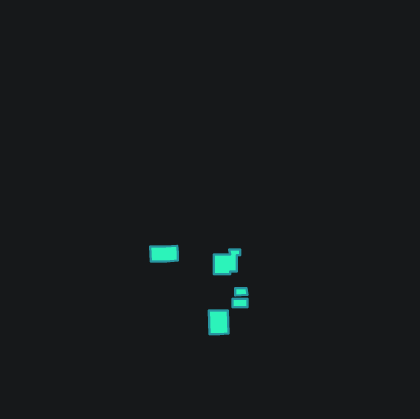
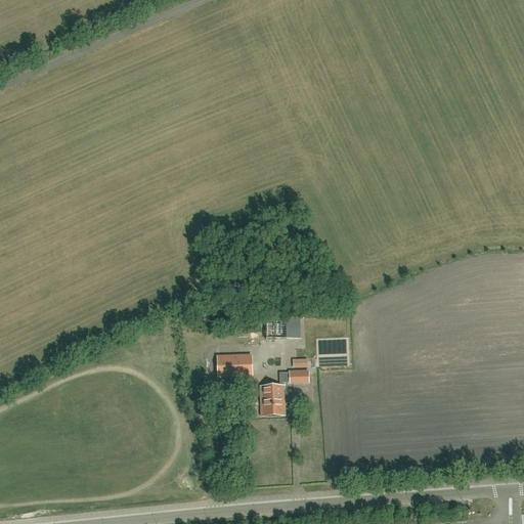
building: [150,246,178,261] -> [217,354,252,374]

